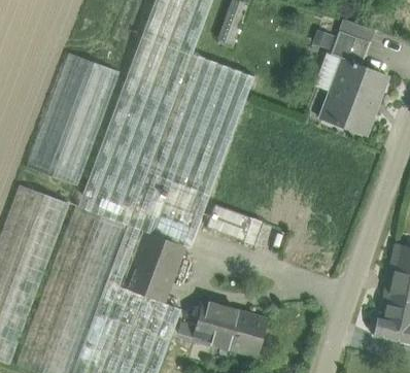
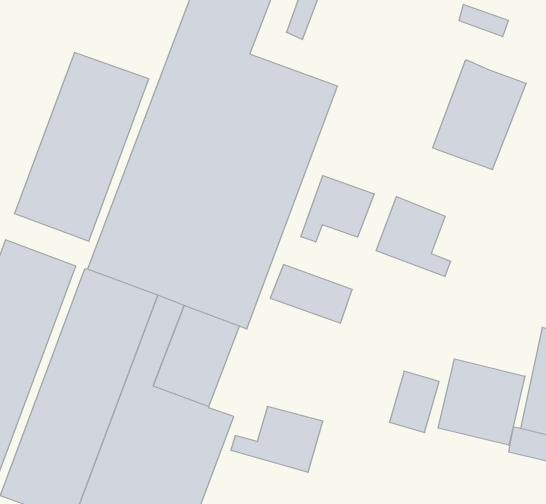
building: [331,30,371,65] -> none
building: none -> [301,176,374,242]
building: none -> [376,197,451,277]
building: none -> [438,359,525,445]
building: [234,312,269,355] -> [389,371,439,433]

